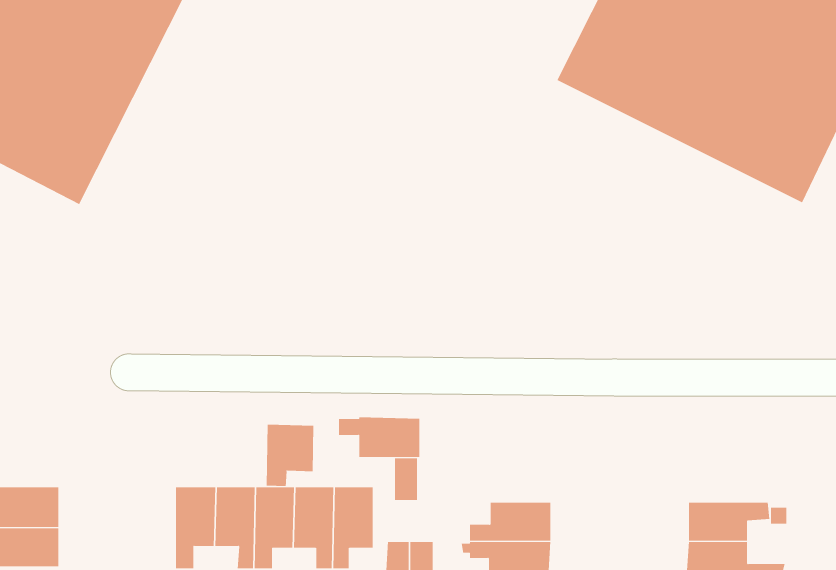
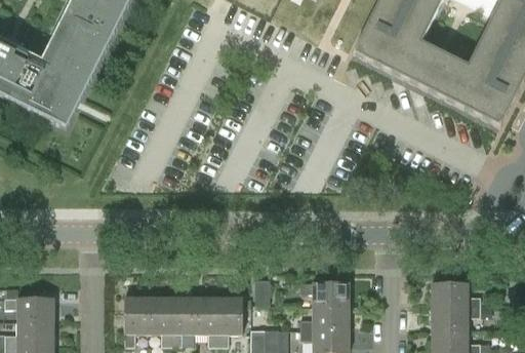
building: [338,417,420,458] -> [299,281,349,306]
building: [266,424,314,487] -> none
building: none -> [431,281,479,306]

